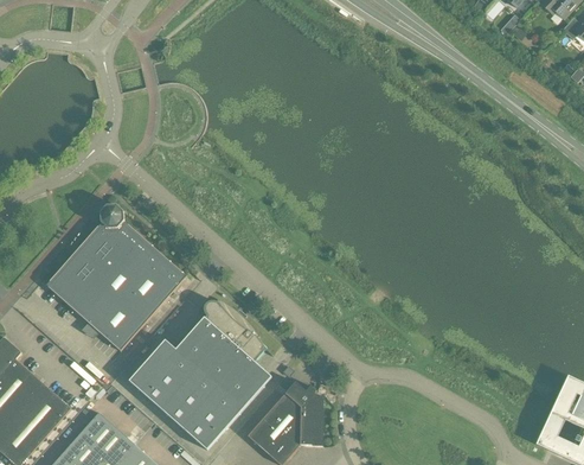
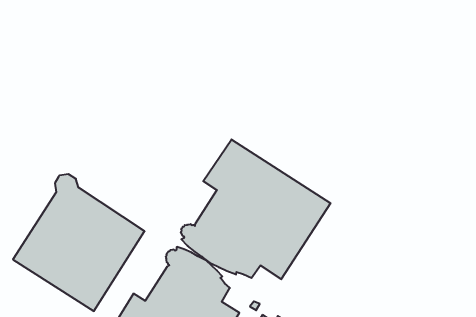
building: none -> [181,139,330,279]

